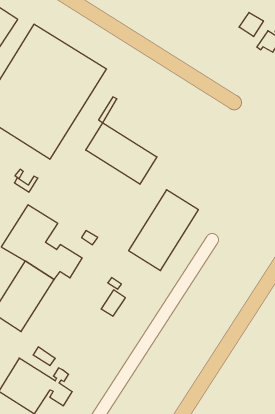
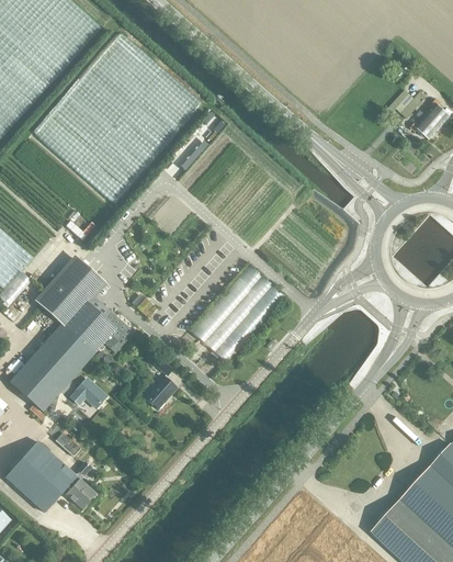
building: [239,12,263,37] -> none
building: [86,123,157,184] -> none
building: none -> [68,379,104,408]

